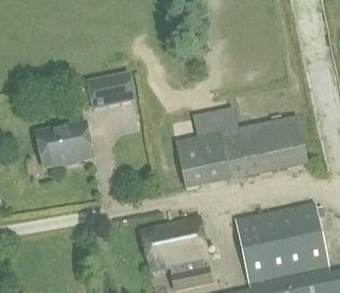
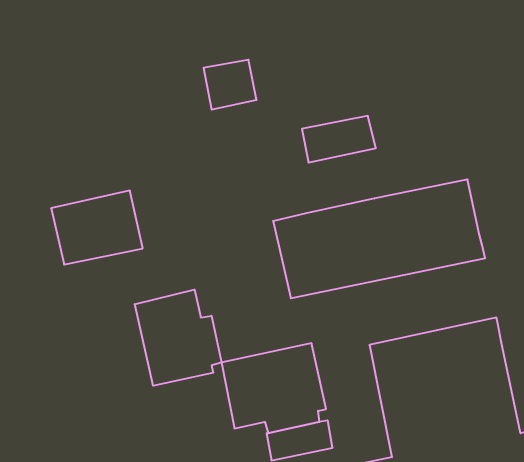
building: [101,75,134,106] -> [204,60,257,110]
building: [192,107,238,136] -> [302,116,376,163]
building: none -> [135,290,222,386]

